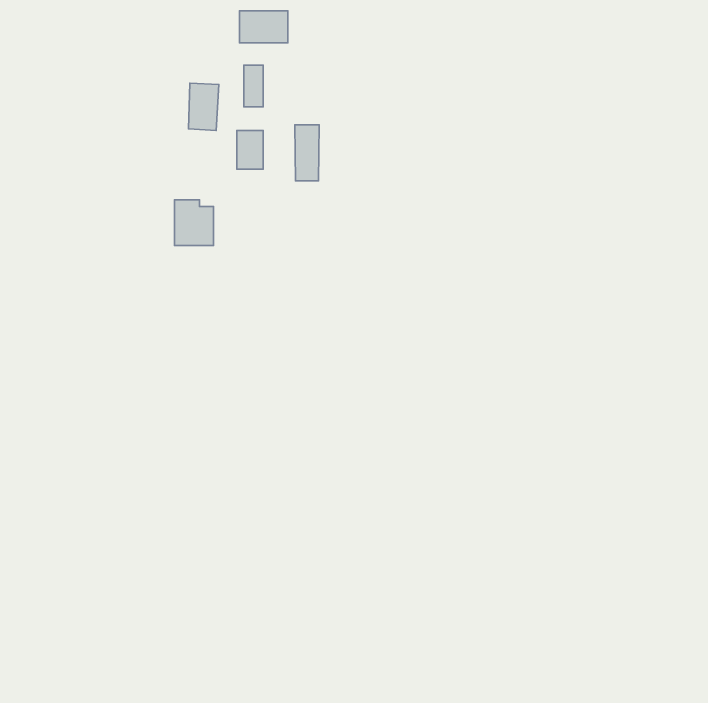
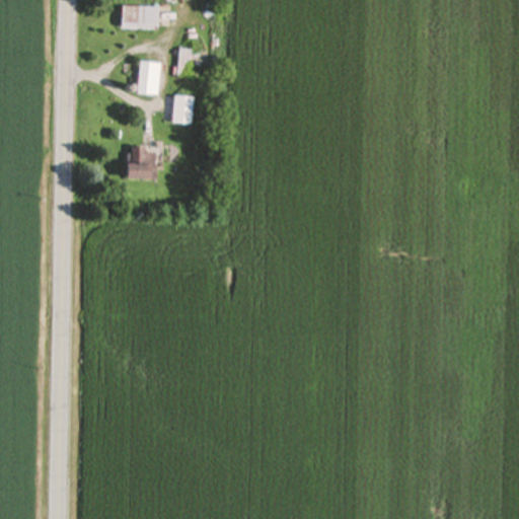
building: [239,11,288,43] -> [122,5,157,28]
building: [295,125,319,181] -> none

